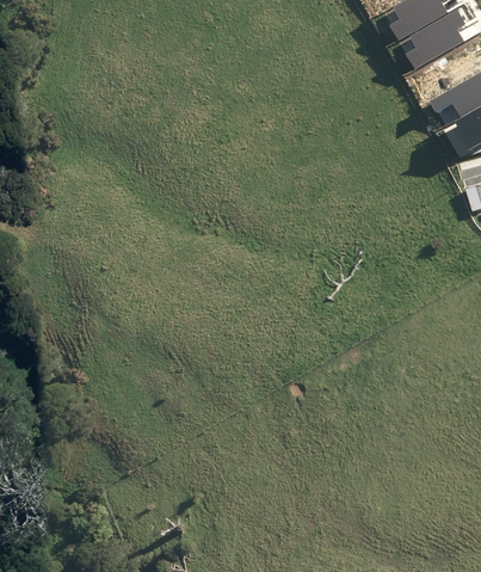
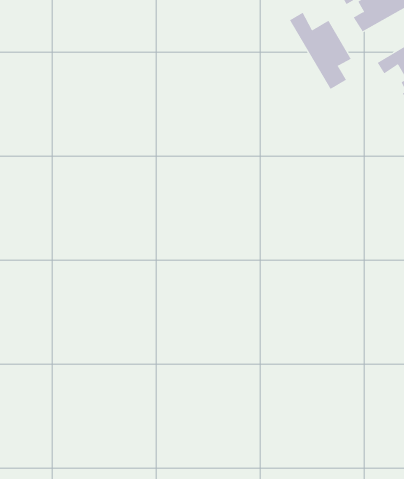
building: none -> [289,12,351,90]

